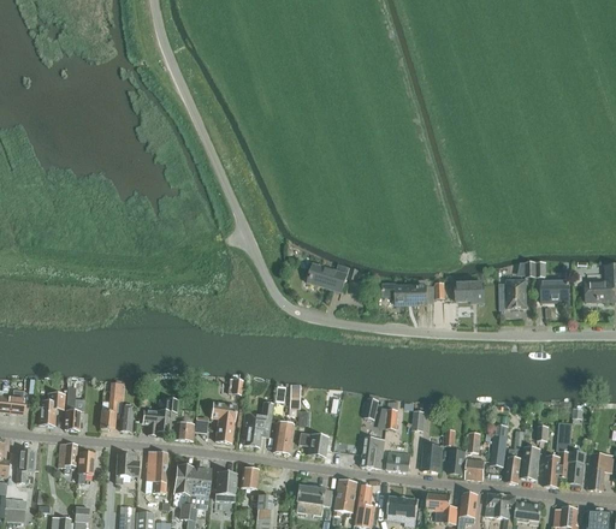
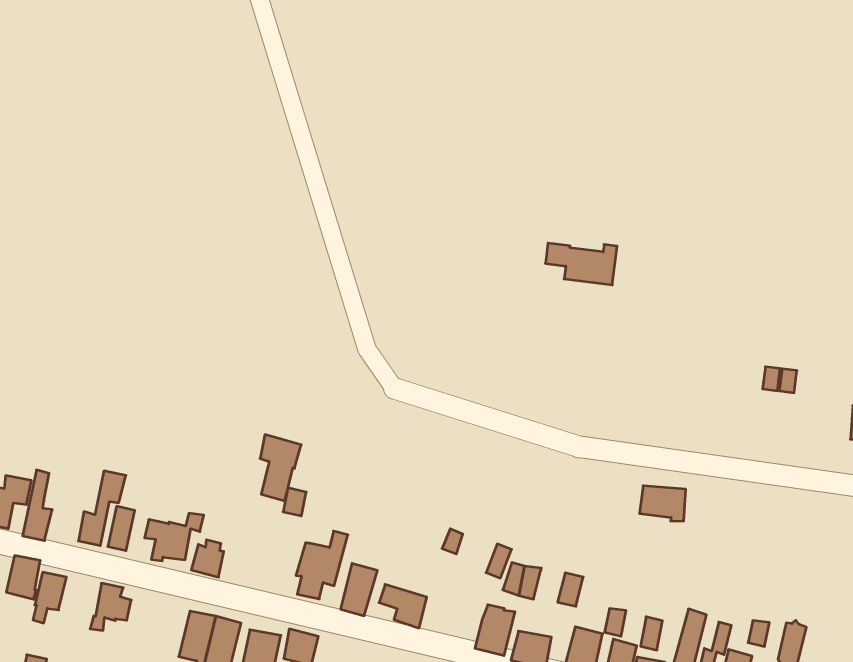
building: [308,263,360,292] -> none
building: [383,279,427,304] -> [545,243,617,285]
building: [507,279,527,308] -> none
building: [541,279,569,302] -> none
building: [456,281,485,303] -> [640,486,686,521]
building: [212,402,237,442] -> [260,435,301,501]
building: [146,451,167,493] -> none

